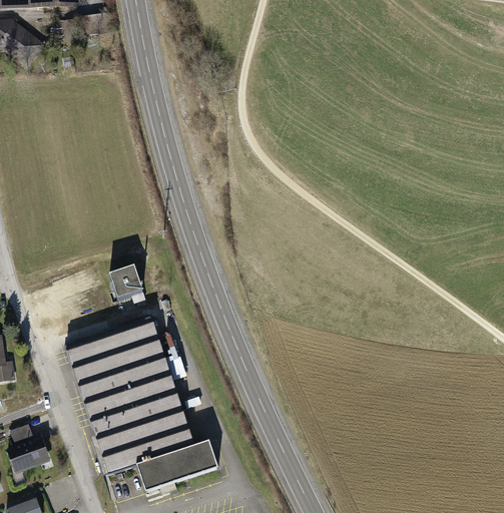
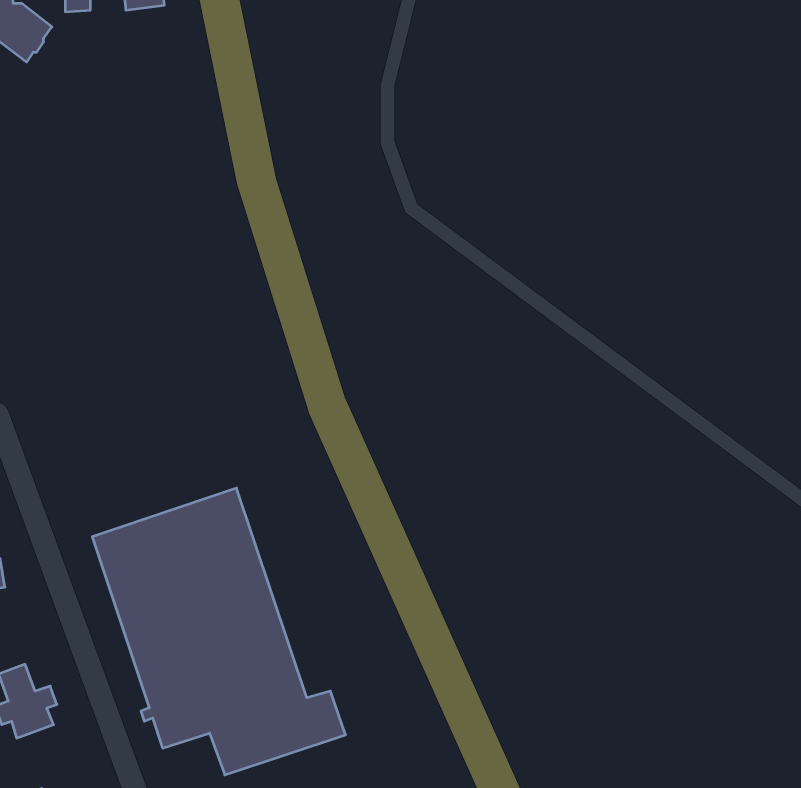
building: [108,266,143,301] -> none

